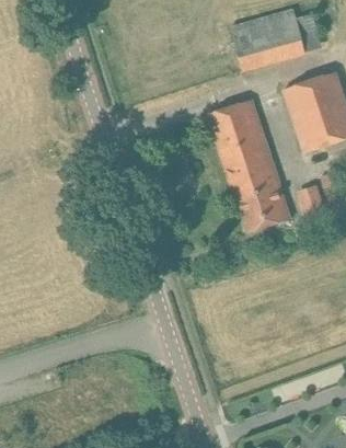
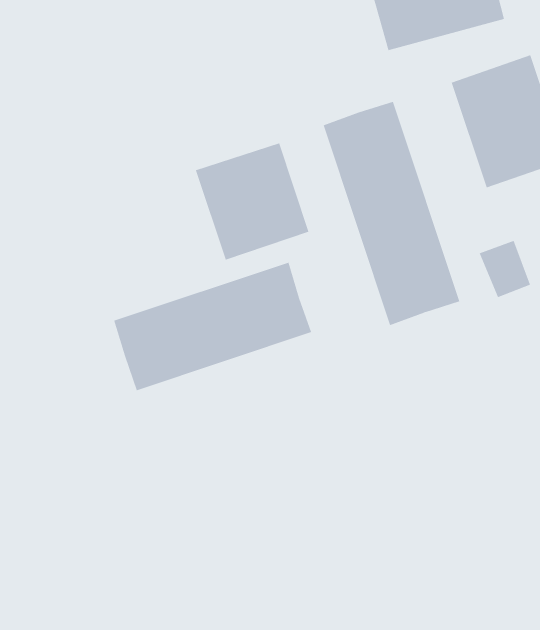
building: none -> [195,142,309,261]
building: none -> [114,262,312,391]

